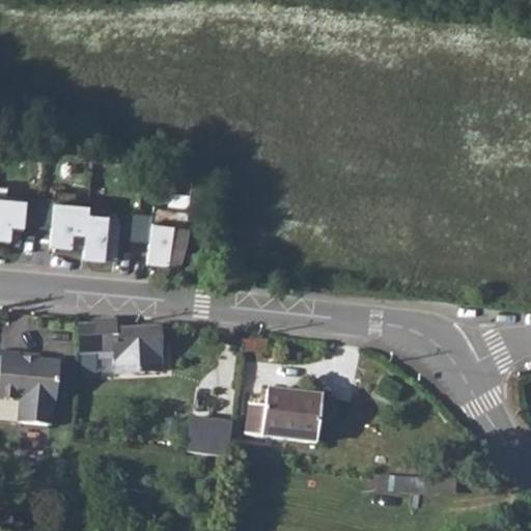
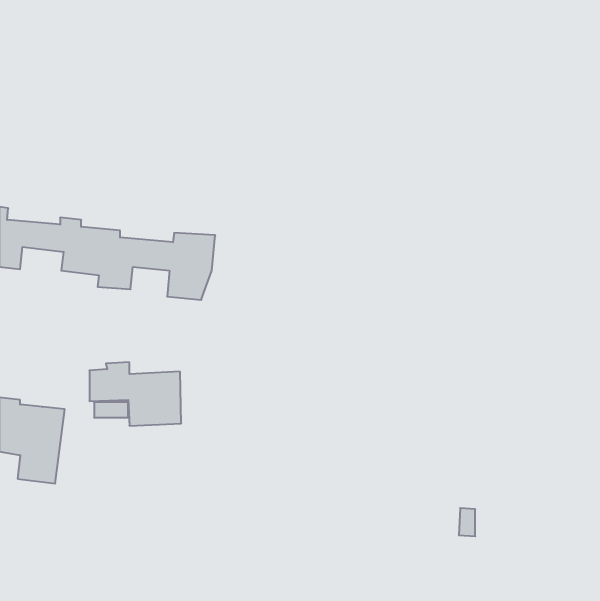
building: [244,391,319,444] -> none
building: [187,416,232,455] -> none

